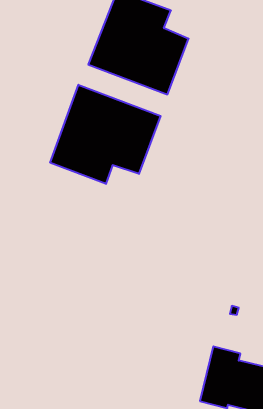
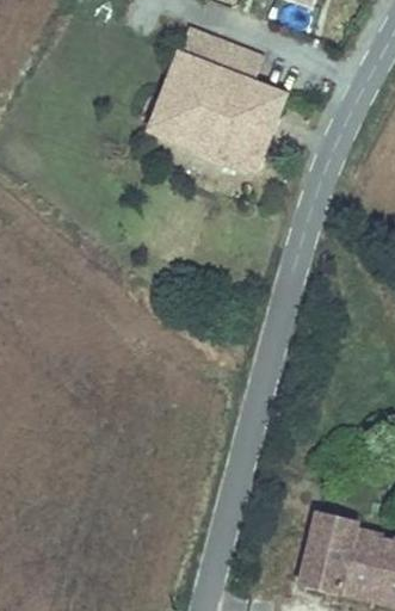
building: [50,85,161,184] -> none

